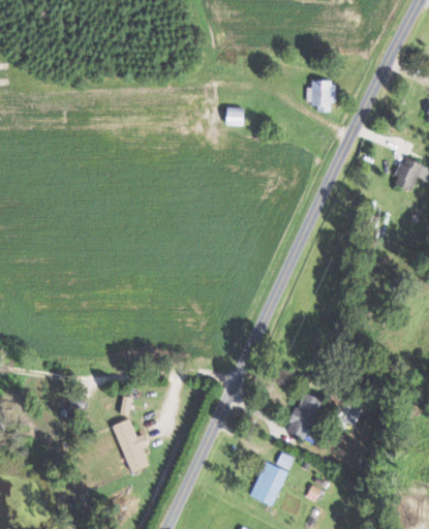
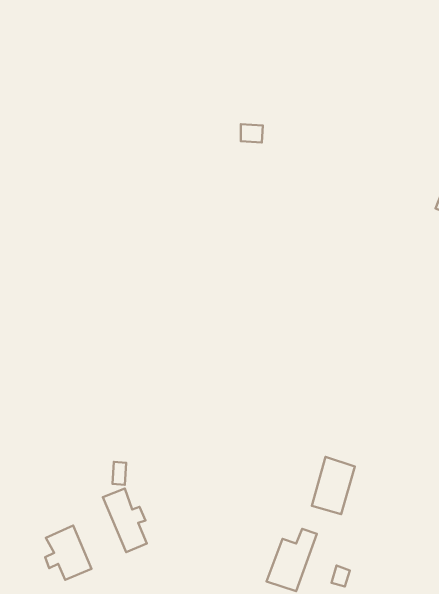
building: [306,80,334,112] -> none
building: none -> [45,526,91,580]

